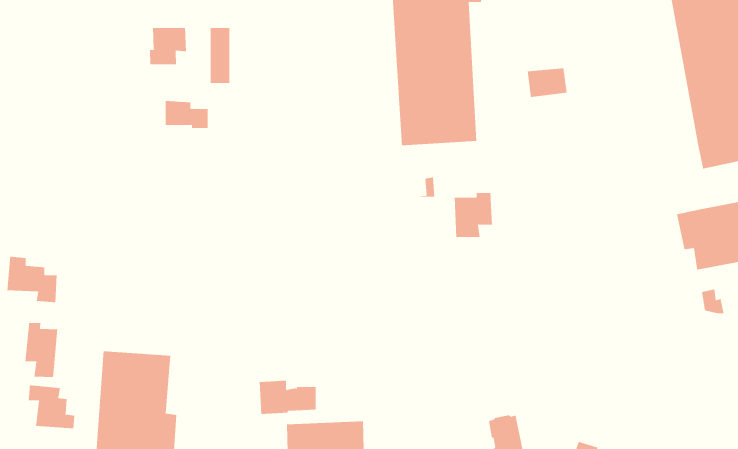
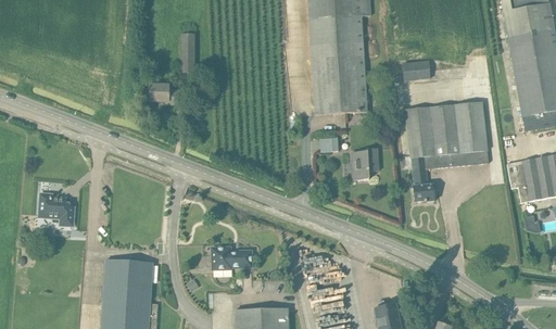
building: [149,27,186,65] -> none
building: none -> [405,101,490,201]
building: [25,322,58,378] -> none
building: [259,380,316,414] -> [212,245,252,269]
building: [28,385,75,429] -> none

